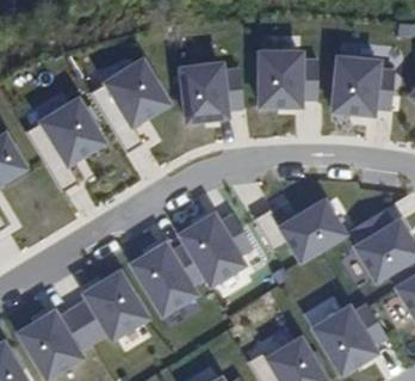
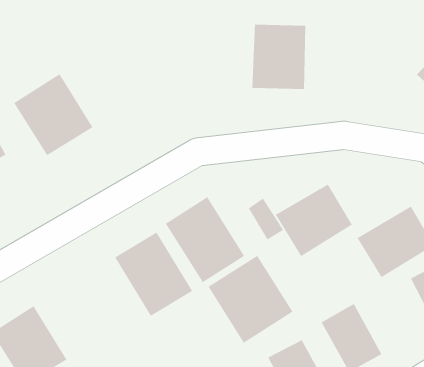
building: [328,54,382,119] -> none
building: [103,56,172,128] -> none
building: [176,59,231,127] -> none
building: none -> [207,255,294,344]
building: [80,269,151,344] -> none

